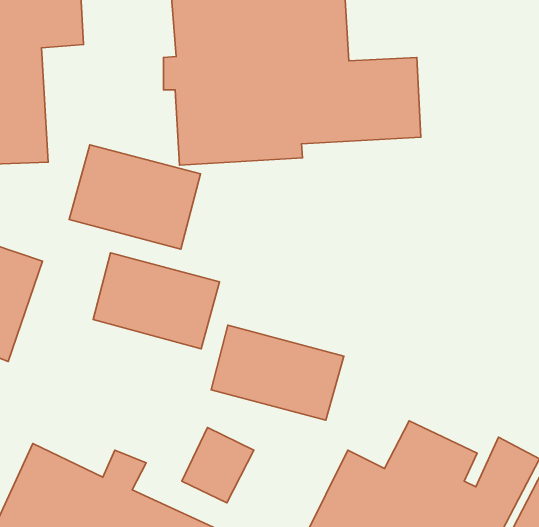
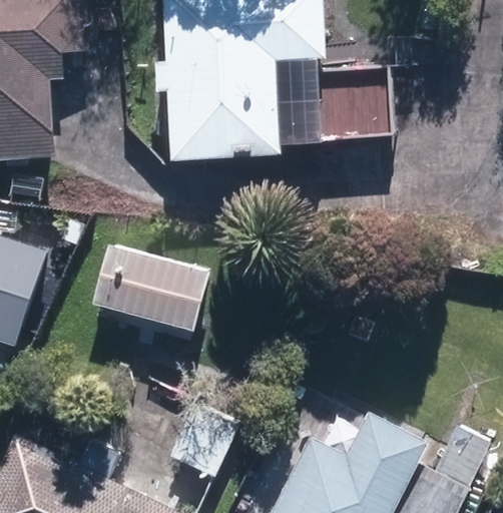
building: [69,145,200,249] -> none
building: [211,325,344,420] -> none

